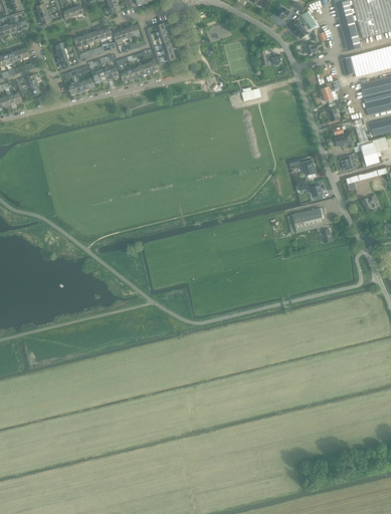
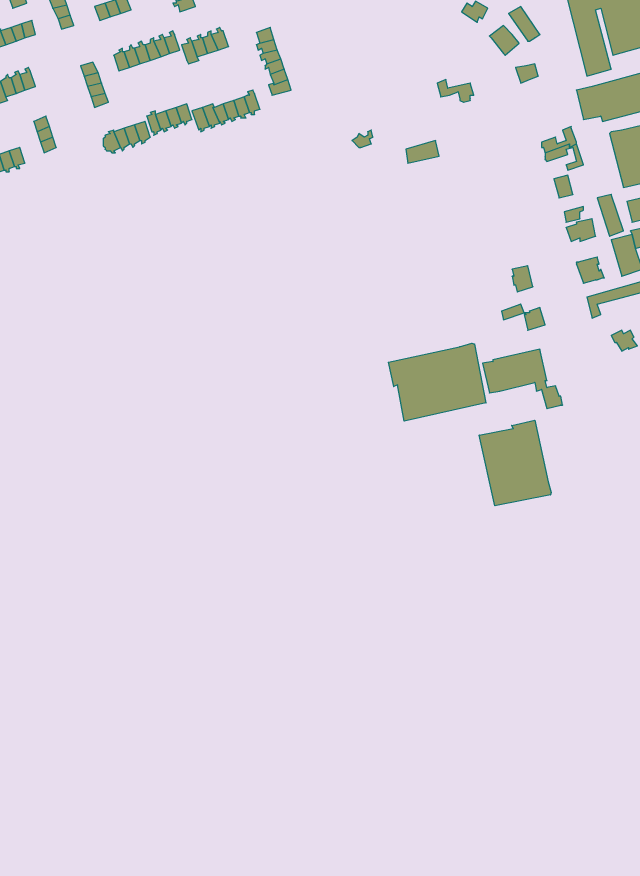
building: none -> [388,343,486,421]
building: none -> [479,420,551,506]

